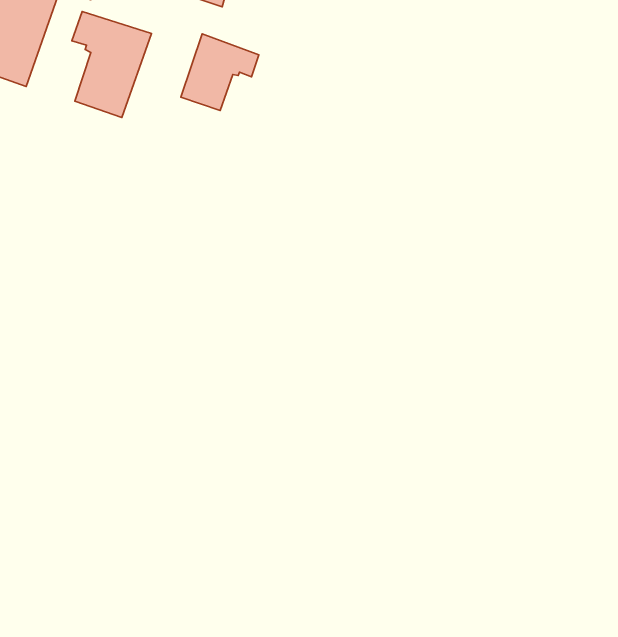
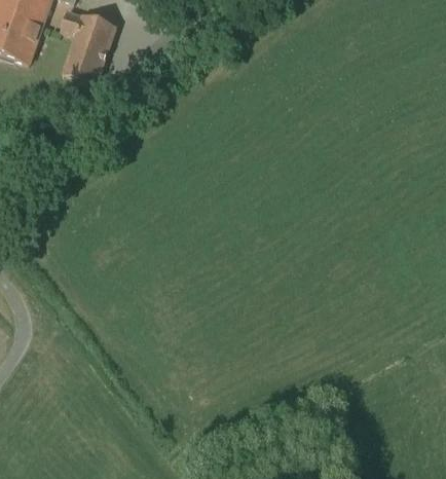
building: [181,34,259,111] -> none

